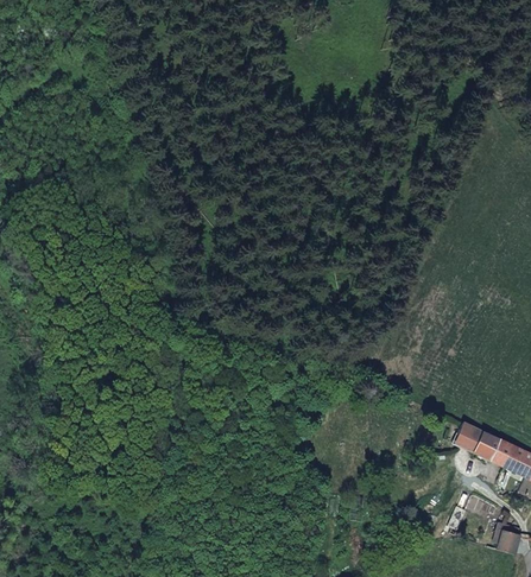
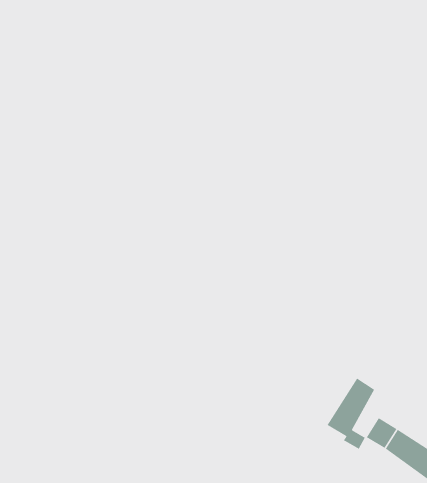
building: none -> [326,378,375,450]

